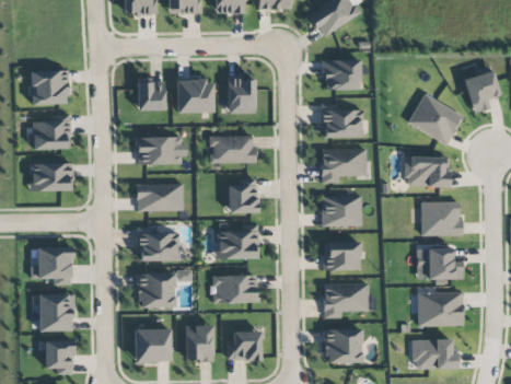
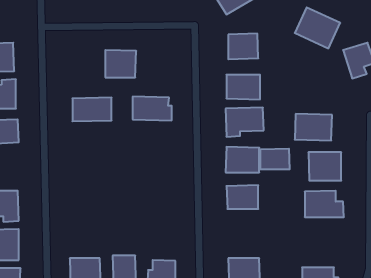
building: [227,78,255,113] -> none
building: [137,80,164,110] -> none
building: [407,94,462,143] -> [295,7,340,48]
building: [228,178,257,213] -> none
building: [136,183,183,211] -> none
building: none -> [260,149,290,169]
building: [214,224,258,258] -> none
building: [136,229,179,260] -> none
building: [137,270,191,307] -> none
building: [212,275,257,303] -> none
building: [323,283,369,317] -> none
building: [417,291,463,326] -> none

